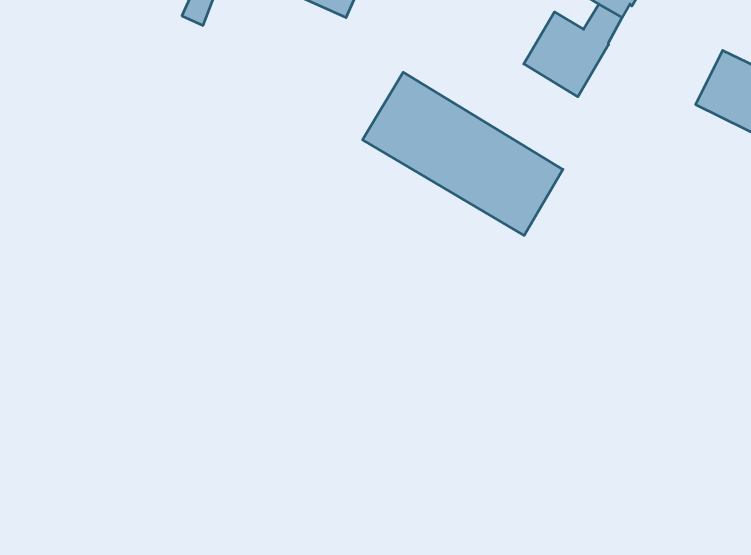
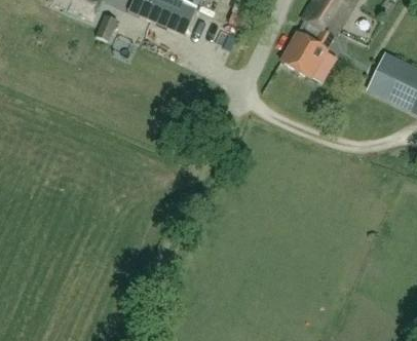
building: [363,72,563,235] -> none

